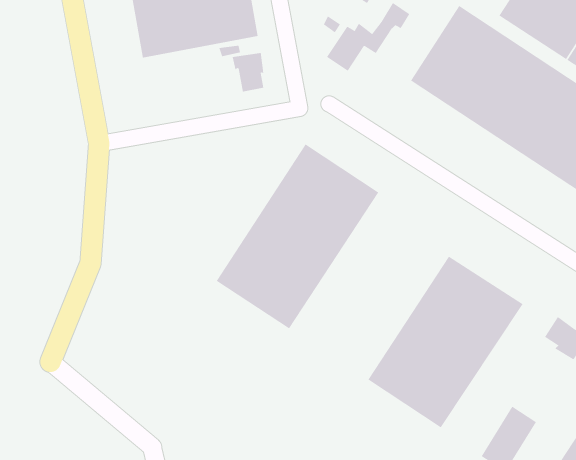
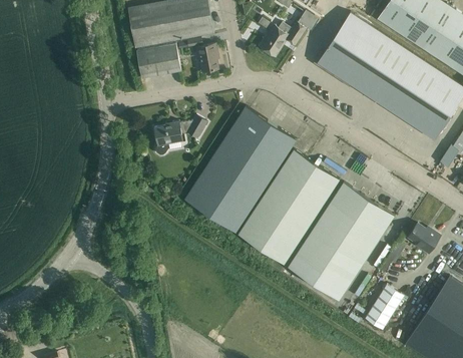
building: none -> [136,43,180,78]
building: none -> [153,115,207,155]
building: none -> [238,149,339,264]

